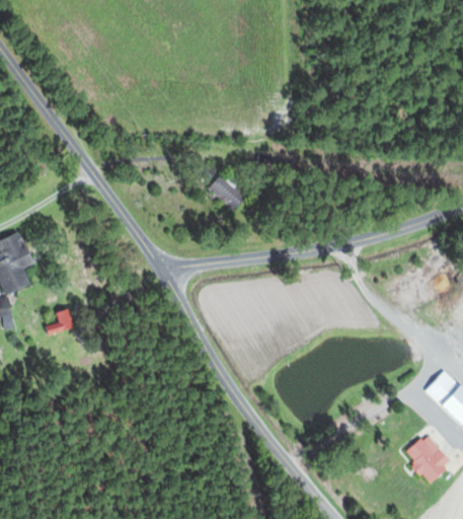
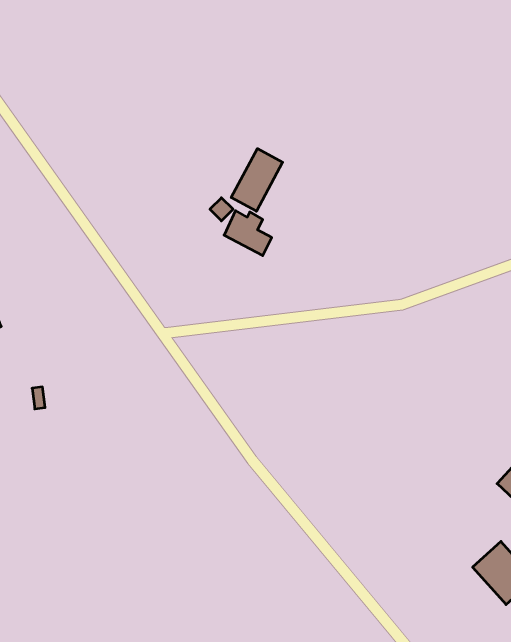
building: none -> [231,149,283,211]

